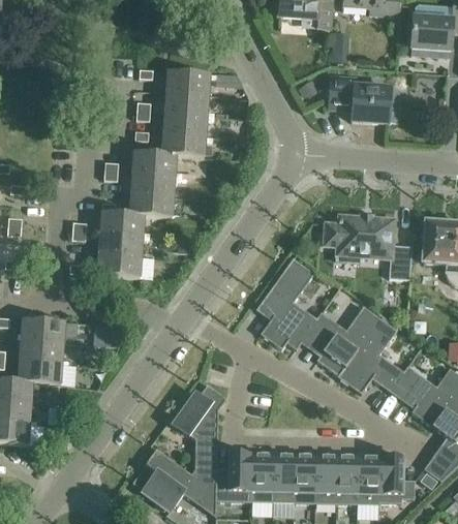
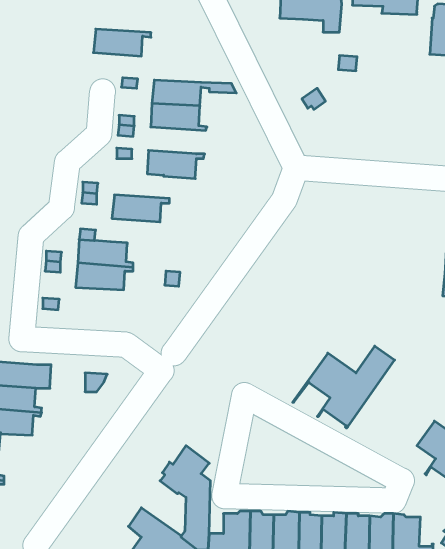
building: [328,78,390,123] -> none
building: [162,113,213,136] -> [93,29,151,56]
building: [132,152,194,177] -> none
building: [129,193,178,219] -> none
building: [324,215,411,279] -> none
building: [97,254,146,278] -> none
building: [255,258,320,349] -> none
building: [338,317,407,393] -> none

